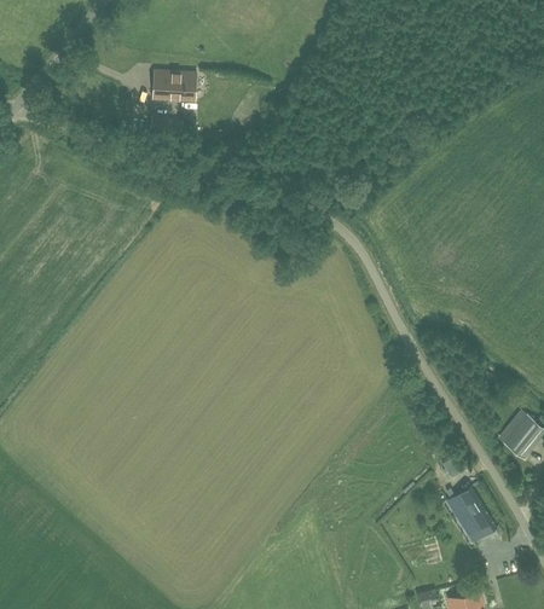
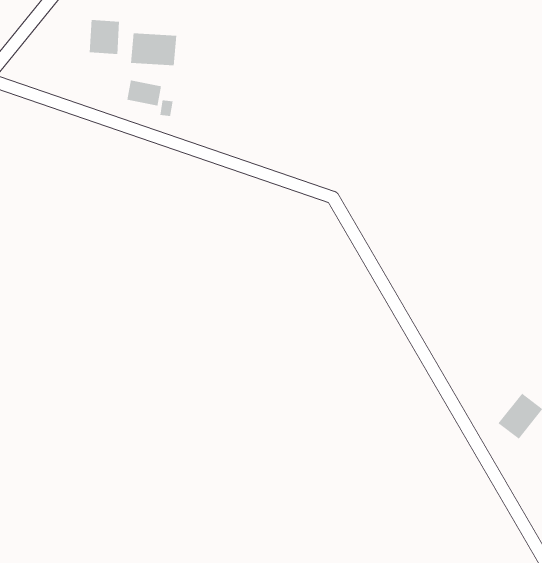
building: none -> [89,19,120,55]
building: [446,486,493,540] -> none

